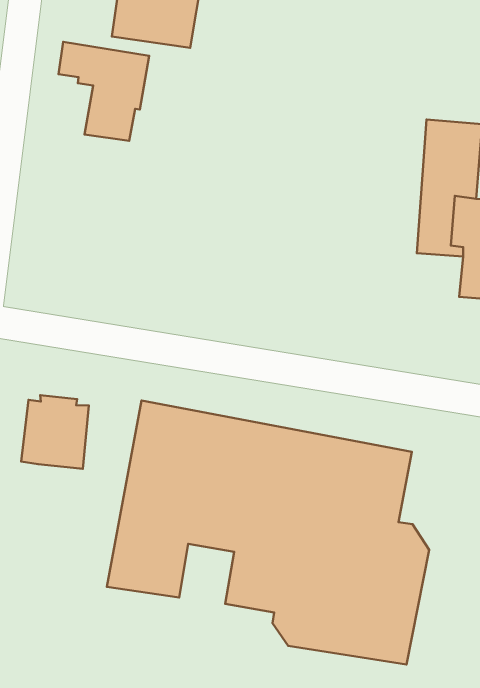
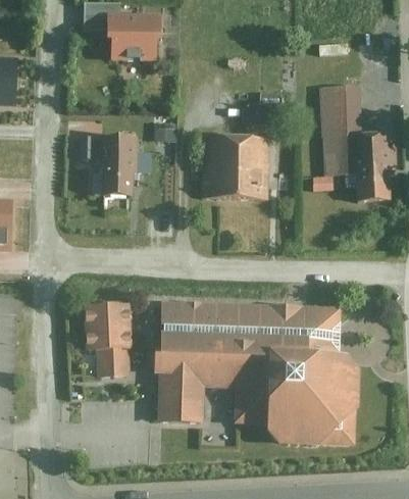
building: [59,42,149,141] -> [79,136,136,194]
building: none -> [202,134,269,197]
building: none -> [98,347,126,375]

